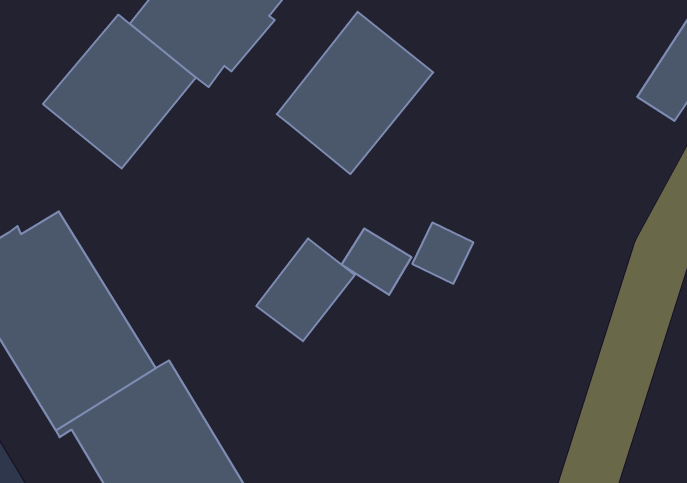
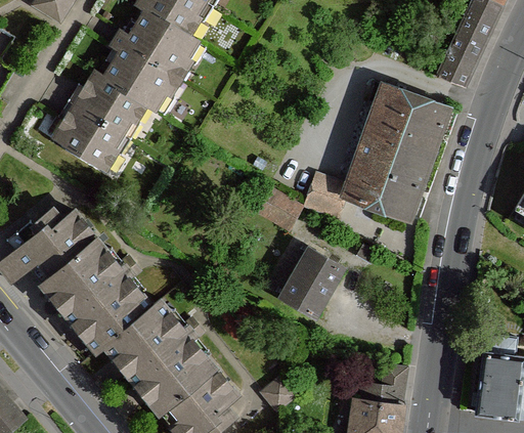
building: [277,12,433,174] -> none
building: none -> [344,85,451,220]
building: [256,238,355,341] -> [281,250,343,317]

